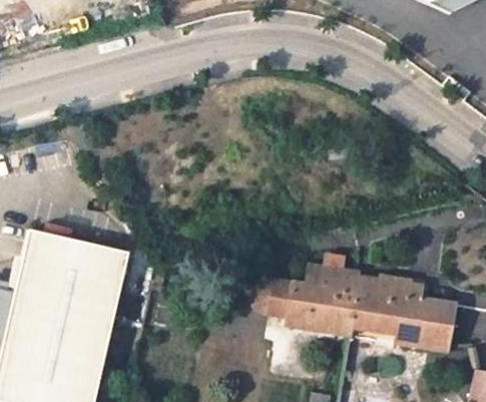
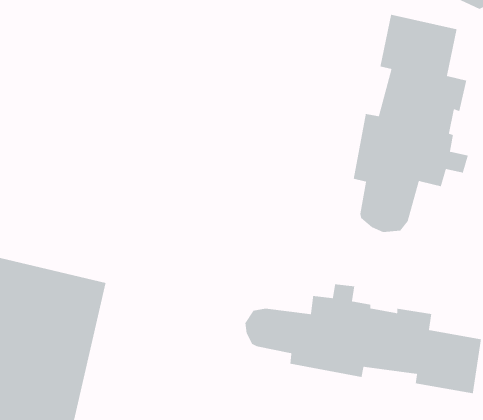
building: none -> [353,14,469,233]

